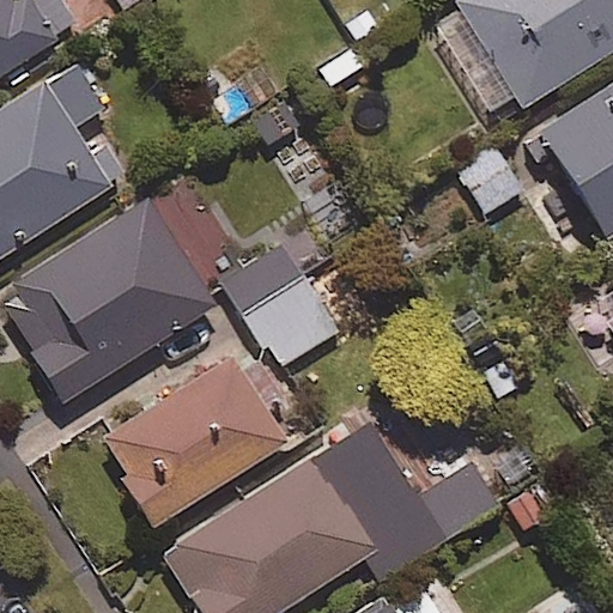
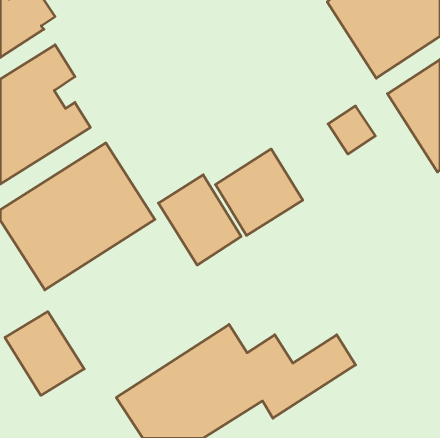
building: none -> [215,149,303,235]
building: [98,356,287,526] -> none
building: none -> [5,312,84,395]

